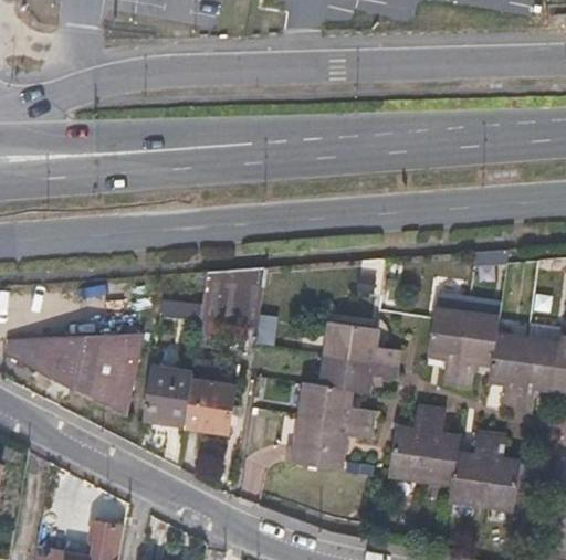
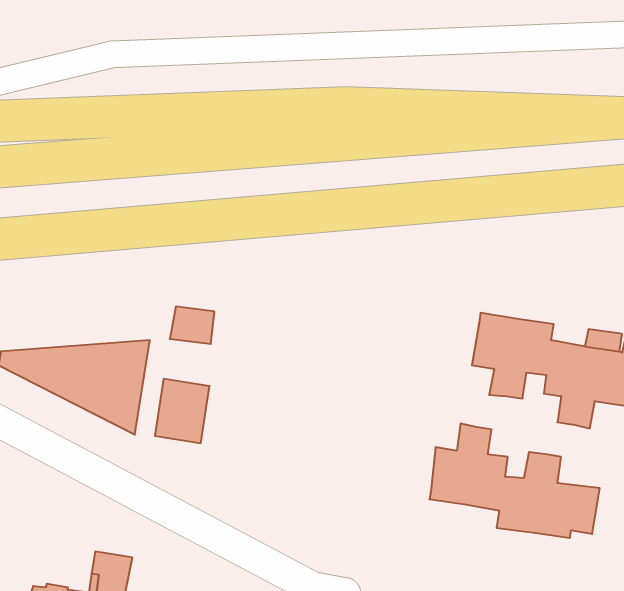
building: [200,266,265,330] -> none
building: [284,320,395,471] -> none
building: [185,357,238,433] -> none

